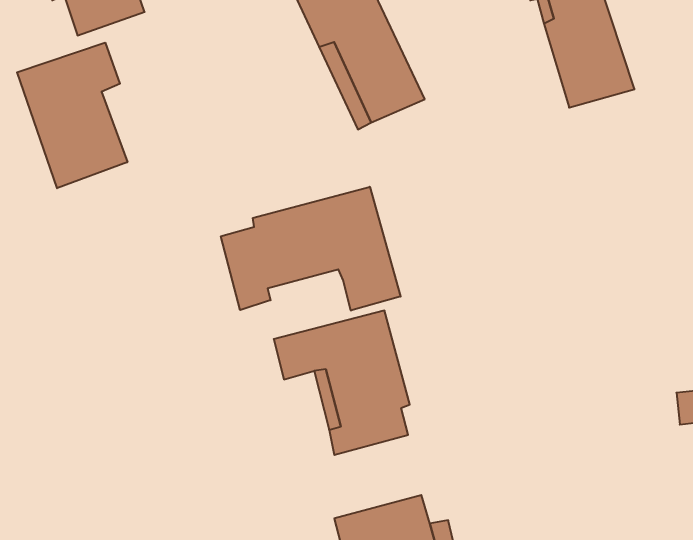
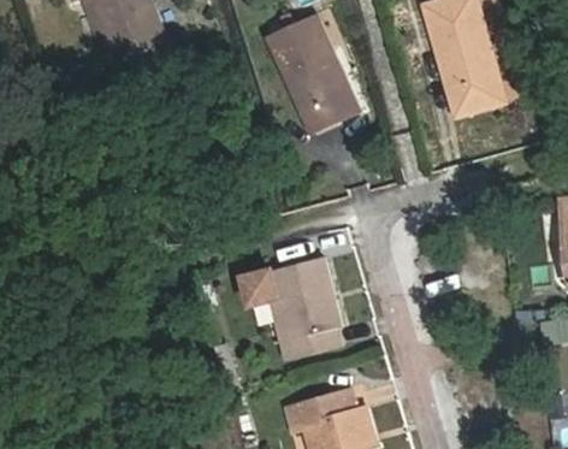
building: [17,43,127,188] -> none
building: [221,187,401,311] -> none

